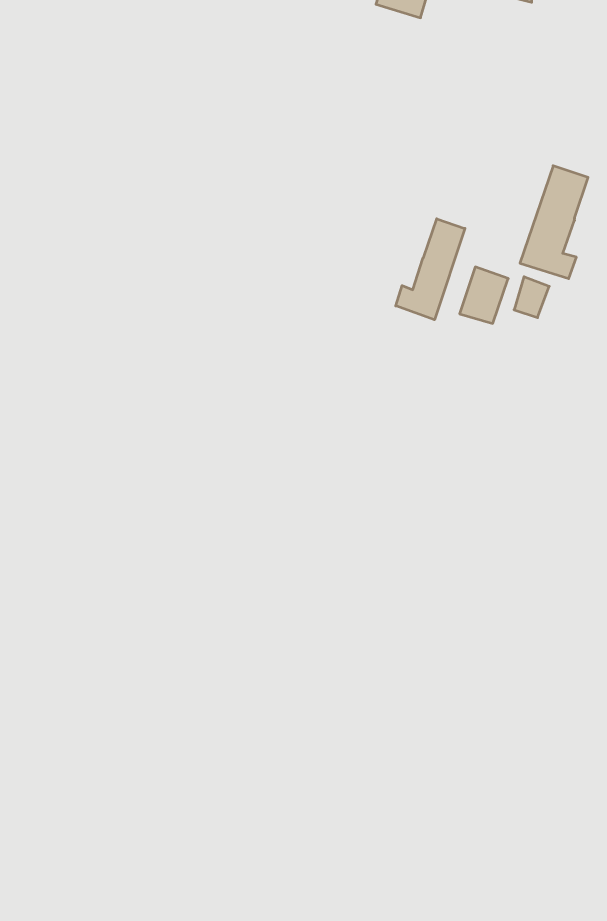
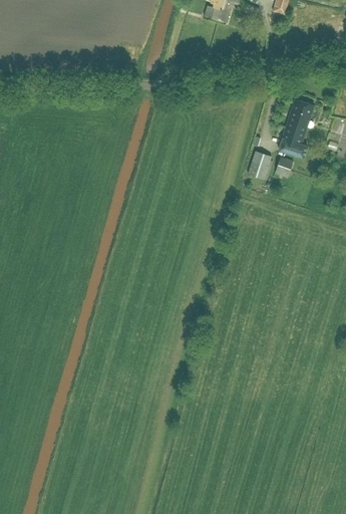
building: [396,219,465,320] -> none

